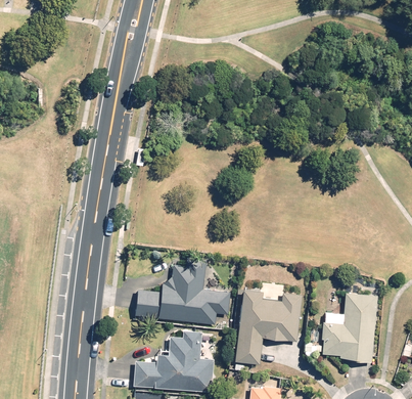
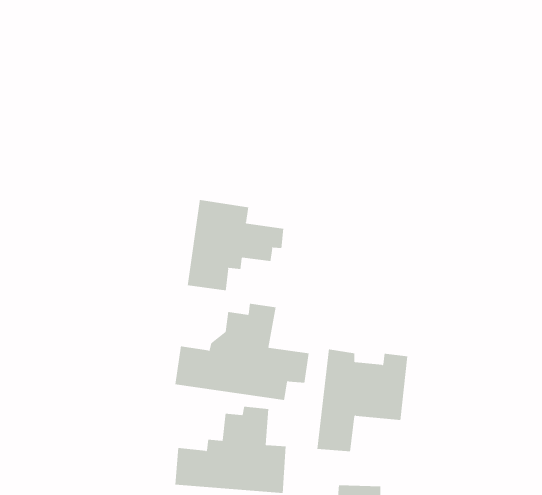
building: none -> [187,199,284,291]
building: [322,294,377,363] -> none

